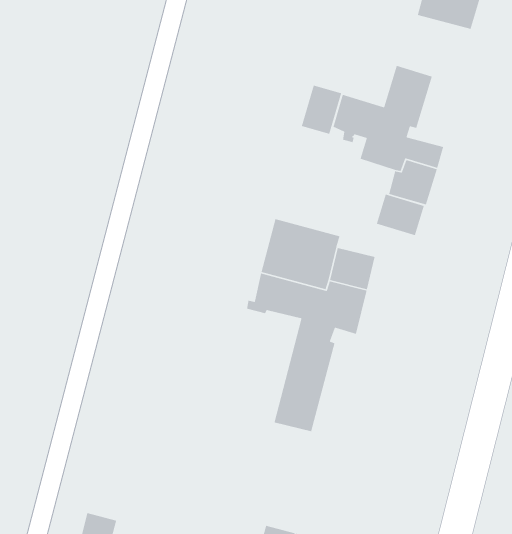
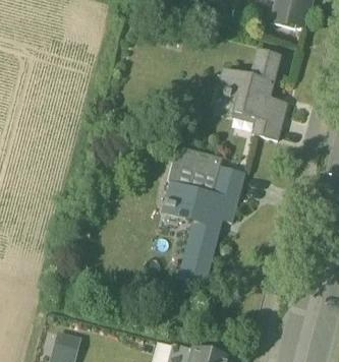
building: [301,84,342,135] -> none
building: [376,193,425,236] -> none

